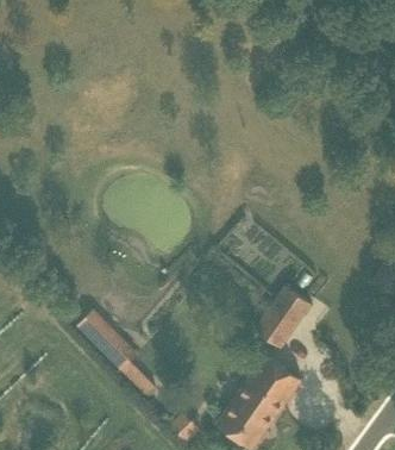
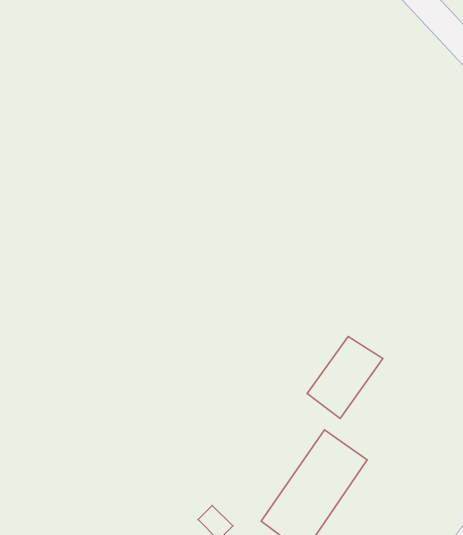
building: [76,311,157,398] -> none

